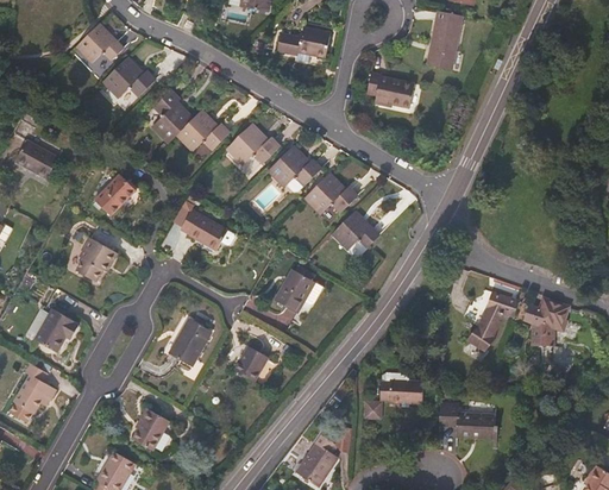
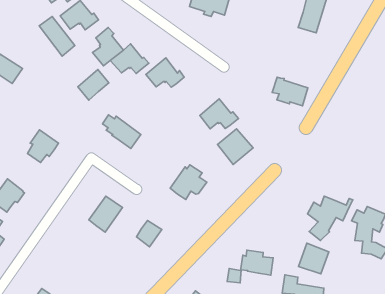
building: [366,71,414,107] -> [272,77,308,106]
building: none -> [39,16,75,56]
building: [268,145,320,186] -> none
building: [94,172,136,215] -> [78,70,109,100]
building: none -> [298,243,329,274]
building: [132,407,169,450] -> none

